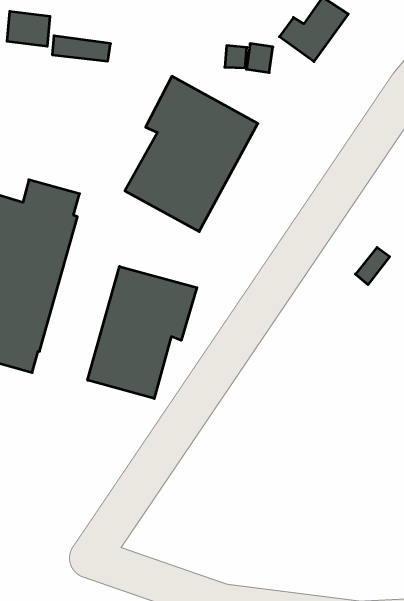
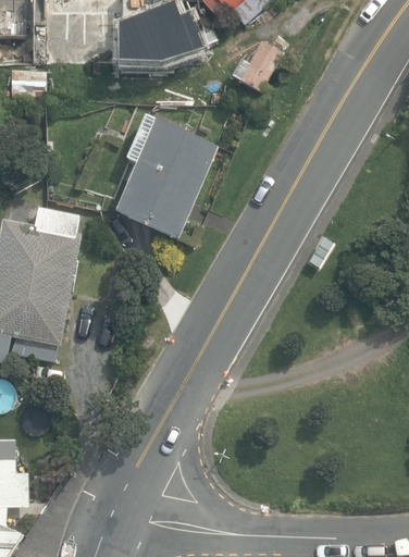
building: [88,266,197,399] -> none

